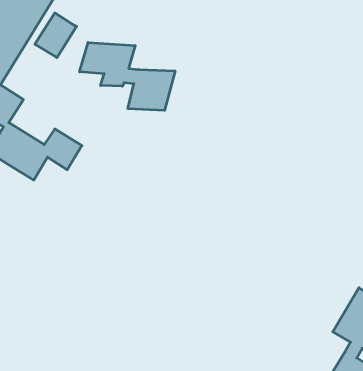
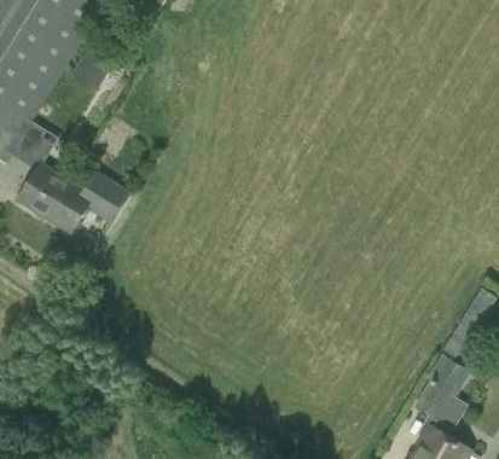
building: [80,42,175,110] -> none

